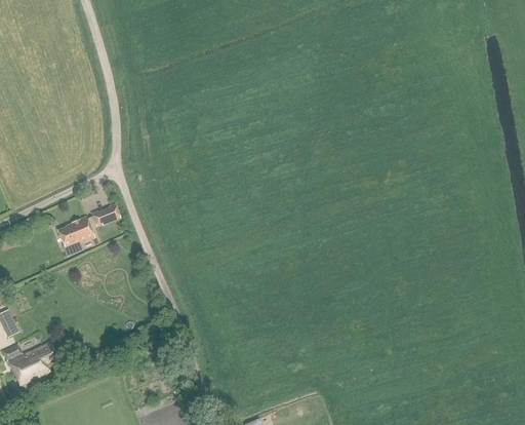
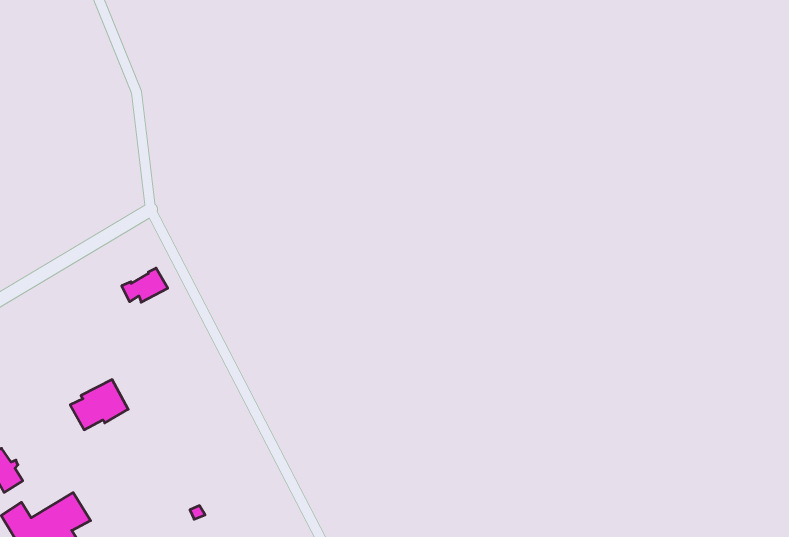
building: [57,217,93,246] -> [70,380,128,430]

